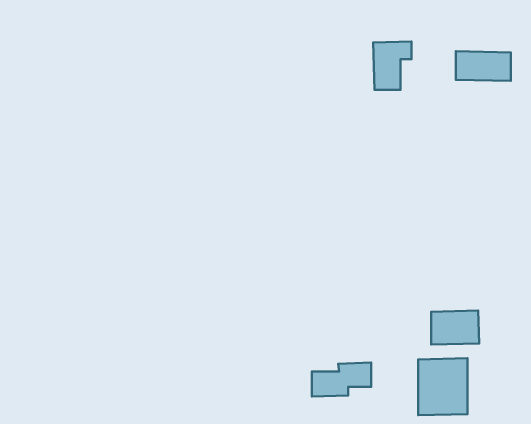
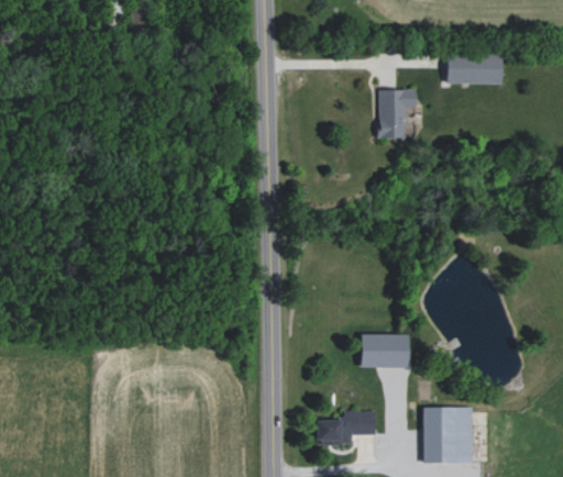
building: [456,51,511,81] -> [448,55,503,85]
building: [431,311,479,345] -> [361,334,409,368]

